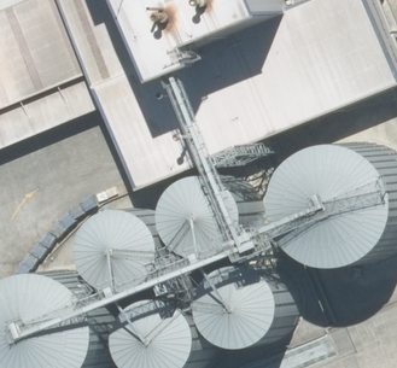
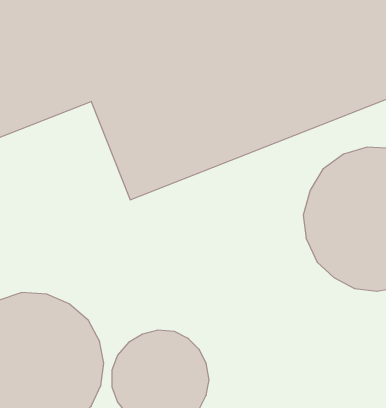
building: [179,171,263,256] -> none
building: [94,201,179,286] -> none
building: [211,265,296,350] -> none

